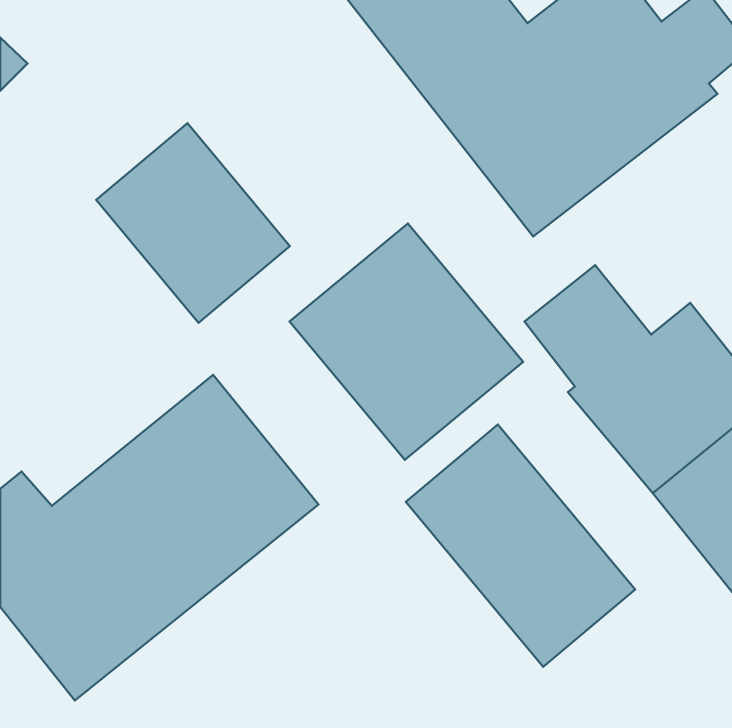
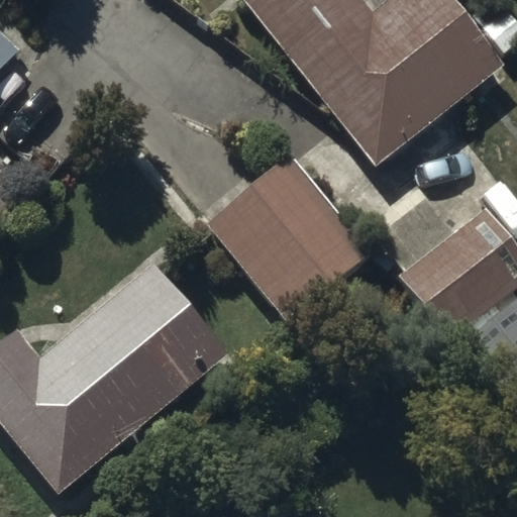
building: [96,123,290,323] -> none
building: [406,424,635,667] -> none

